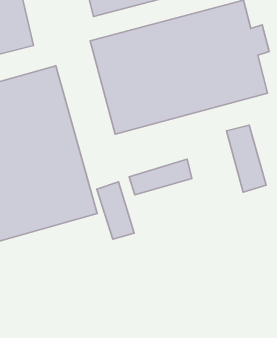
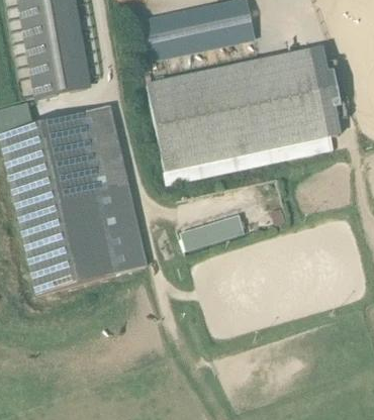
building: [227,125,266,192] -> none
building: [97,182,134,239] -> none

